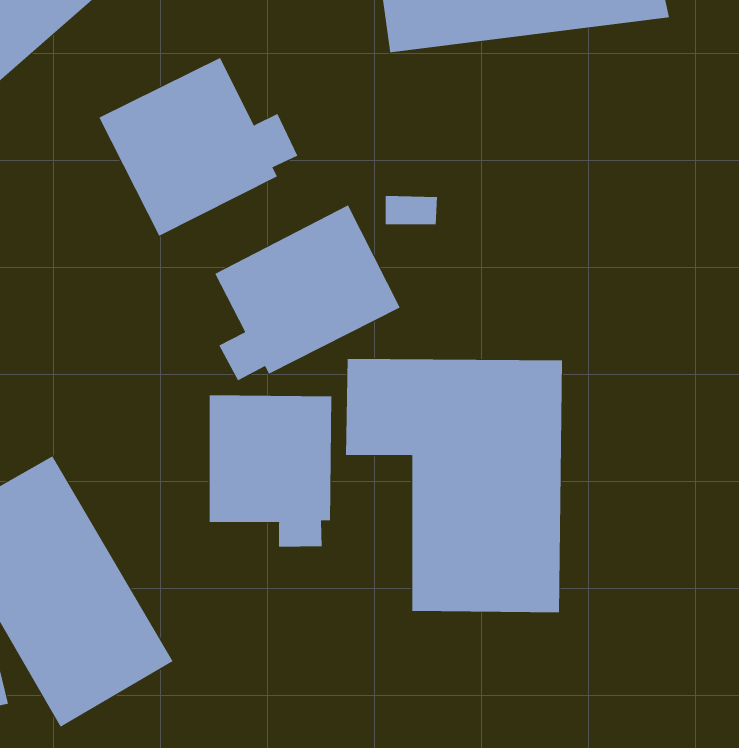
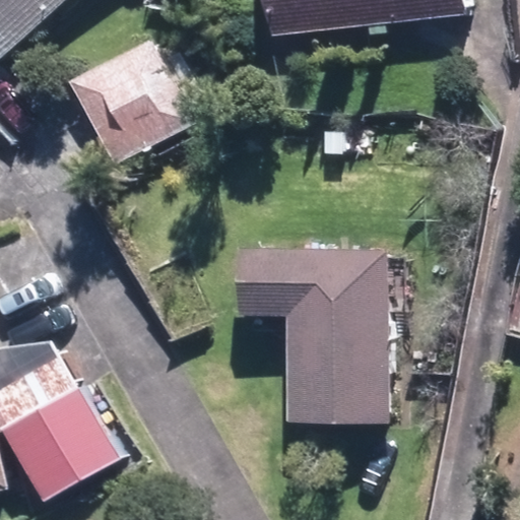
building: [214,205,400,381] -> none
building: [209,395,332,547] -> none

